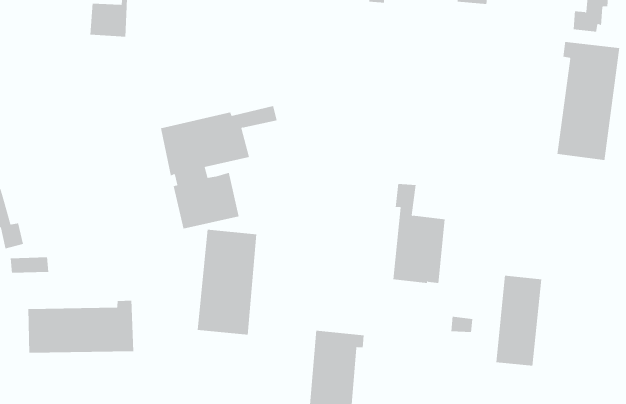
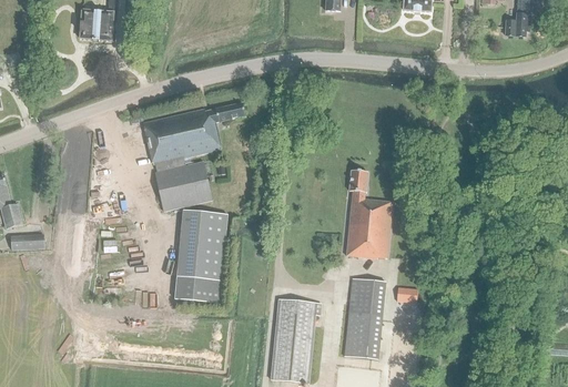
building: [557,41,620,161] -> none
building: [495,275,542,366] -> [344,278,385,358]
building: [28,300,134,354] -> none

